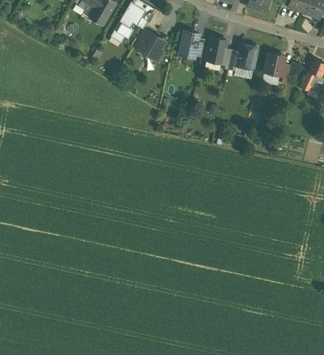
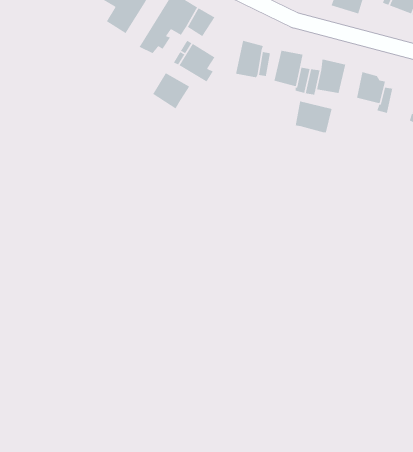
building: none -> [152,72,190,110]
building: none -> [295,101,332,133]

